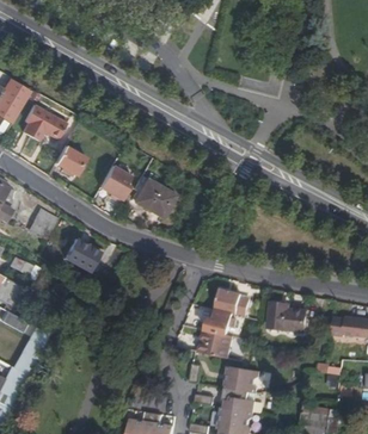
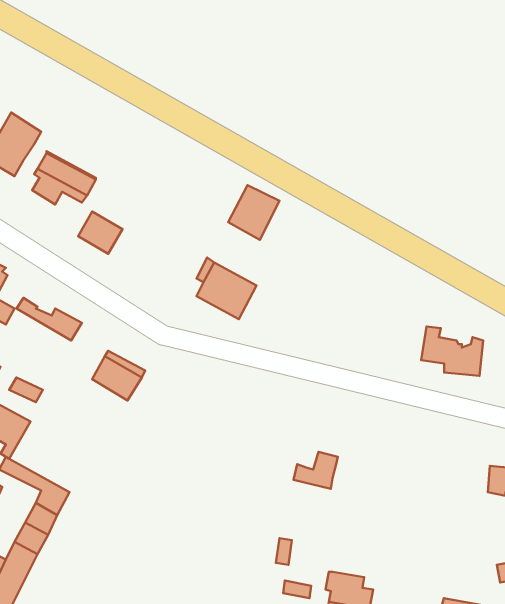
building: [98,162,133,199] -> [228,185,279,240]
building: [211,285,250,314] -> none
building: [264,298,306,331] -> [421,326,483,376]
building: [195,327,231,356] -> none
building: [226,366,258,393] -> none

